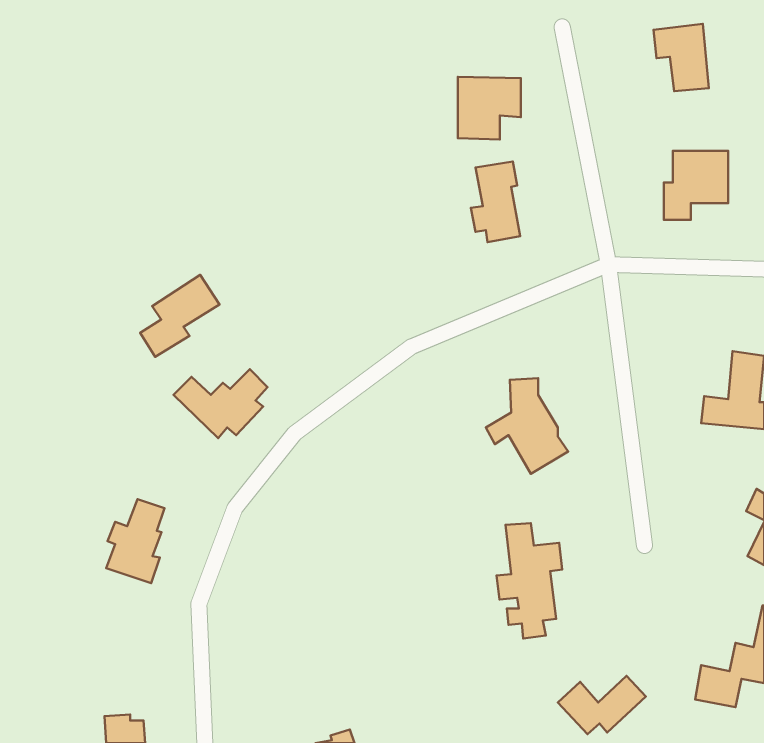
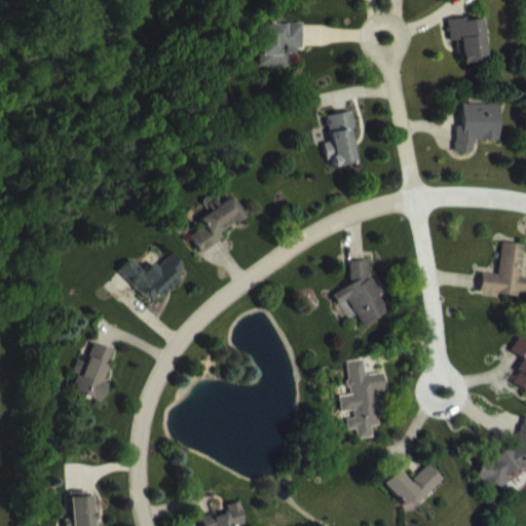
building: [458,77,521,140] -> [260,24,303,67]
building: [140,275,219,357] -> [191,196,246,253]

